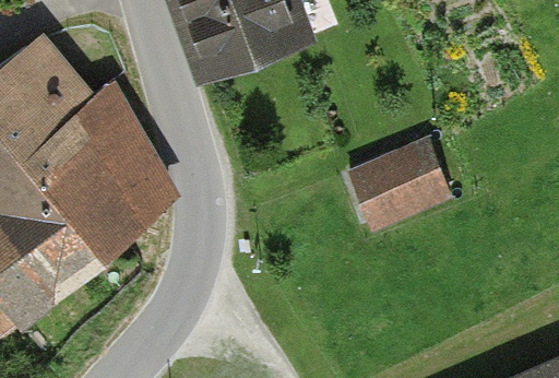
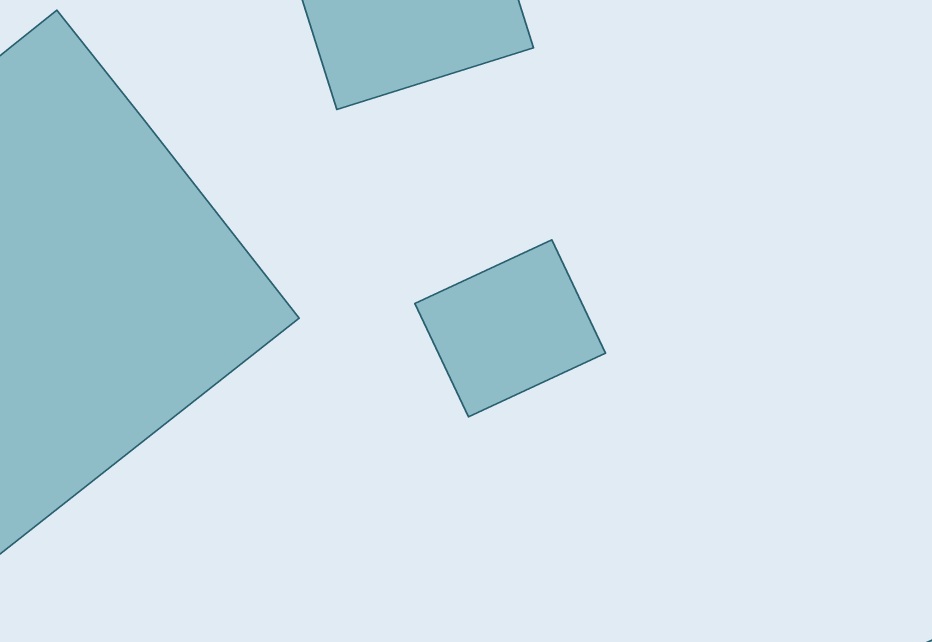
building: [352,134,456,232] -> [415,240,606,417]

